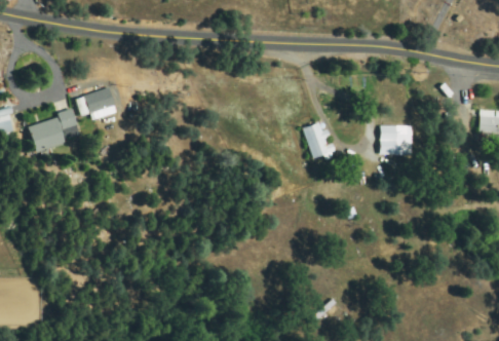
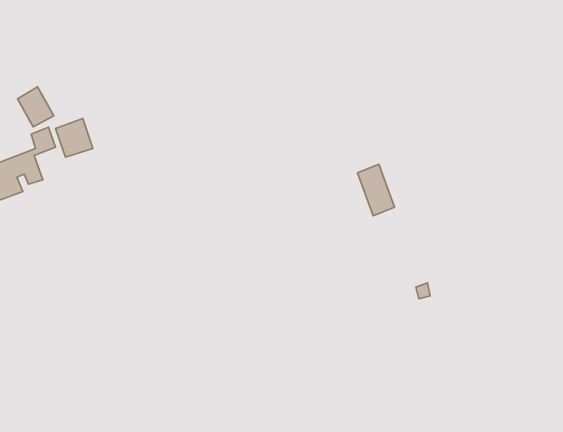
building: none -> [18,87,54,127]
building: [384,126,409,152] -> none

